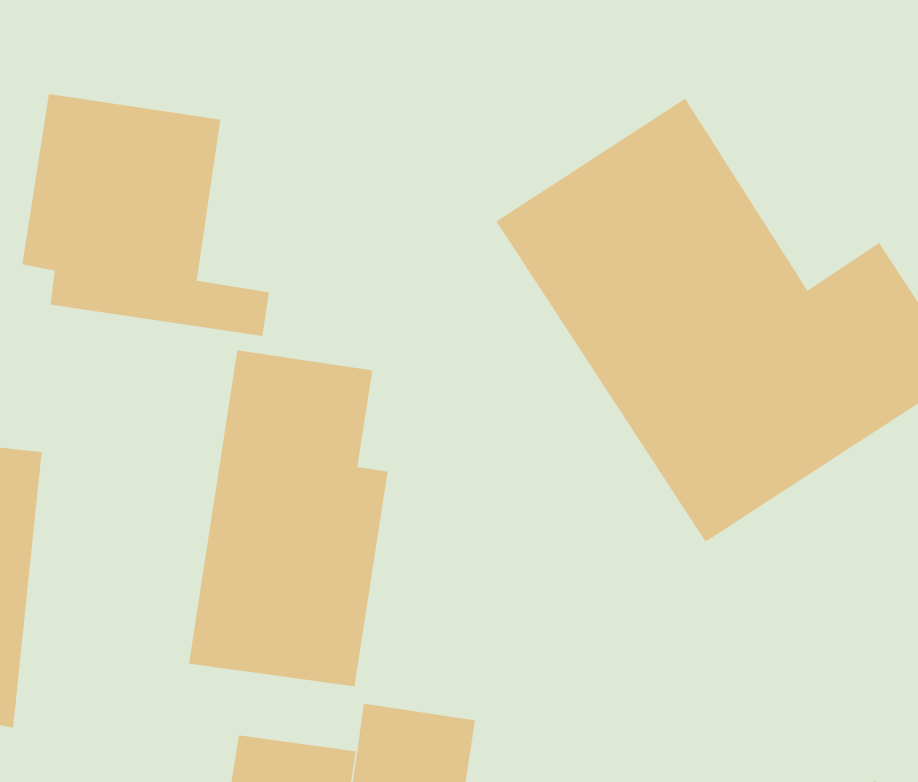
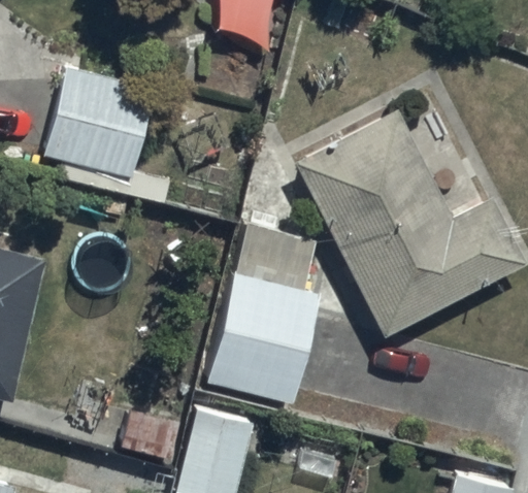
building: [188,350,388,687] -> [205,220,321,402]

